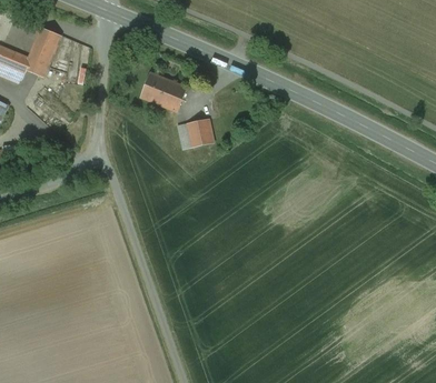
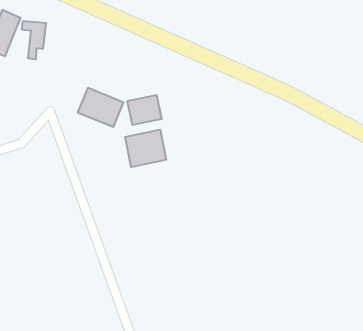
building: [138,69,188,111] -> [78,88,124,127]
building: none -> [125,130,166,167]

